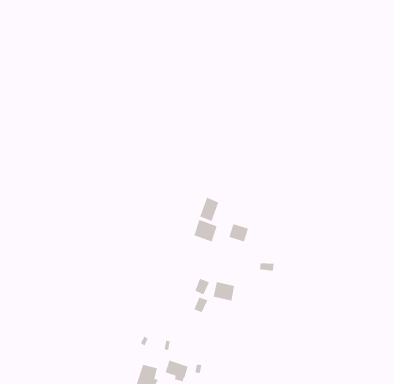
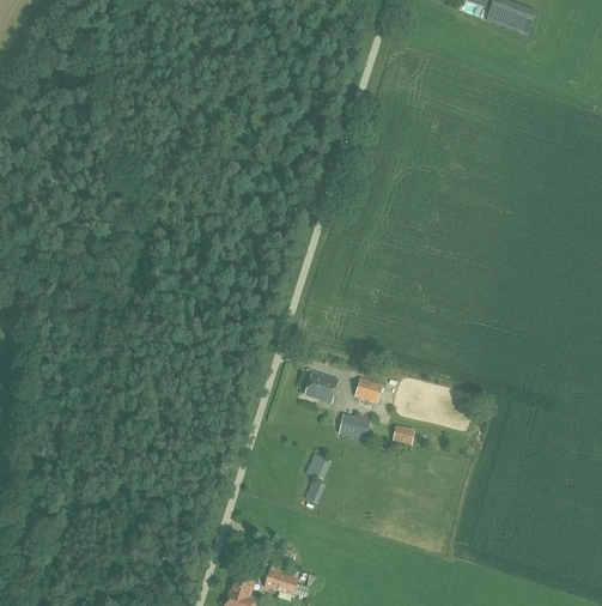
building: [200,197,219,222] -> none
building: [213,282,235,301] -> [338,412,369,440]

